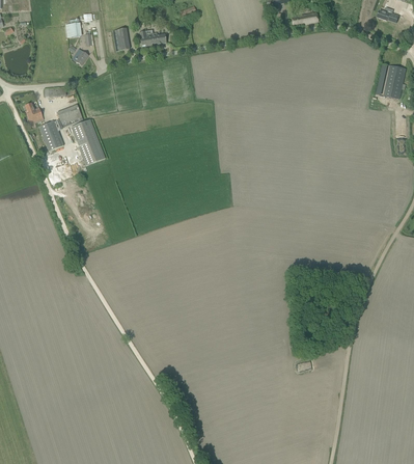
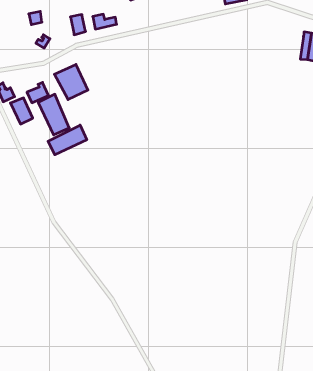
building: none -> [54,64,88,100]
building: none -> [48,125,87,155]

